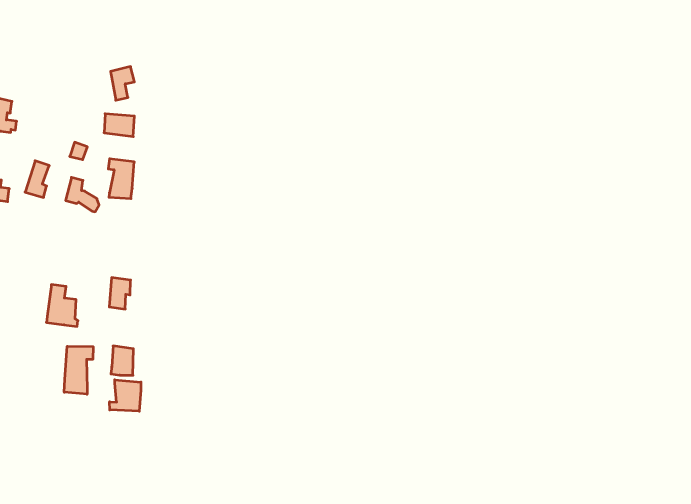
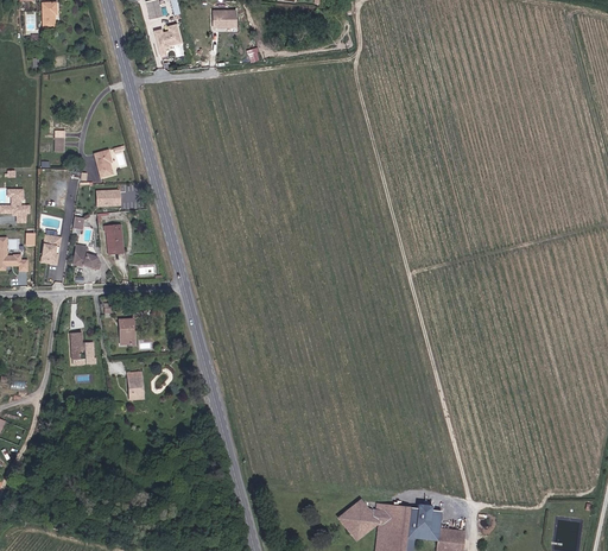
building: [64,346,93,394] -> none
building: [110,380,141,411] -> none

